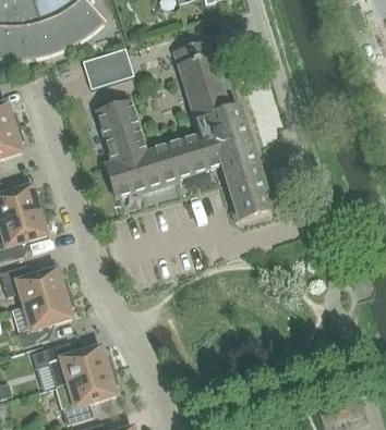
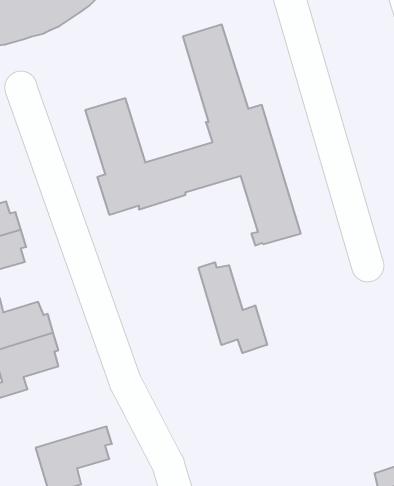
building: [84,52,134,93] -> none
building: none -> [199,262,267,353]
building: [45,340,113,385] -> none

